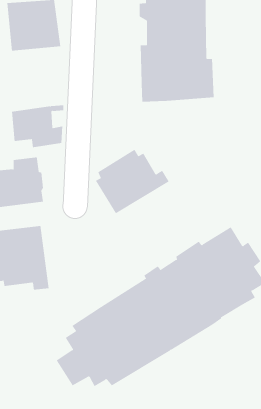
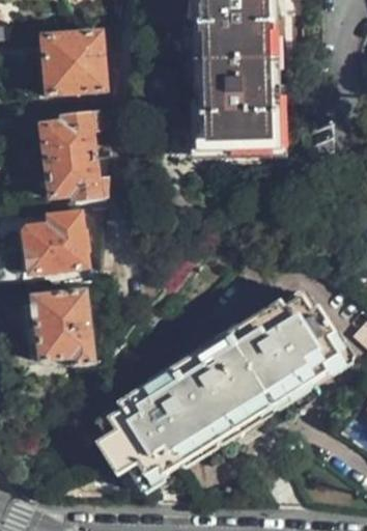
building: none -> [44,107,113,161]
building: [95,149,170,214] -> none

